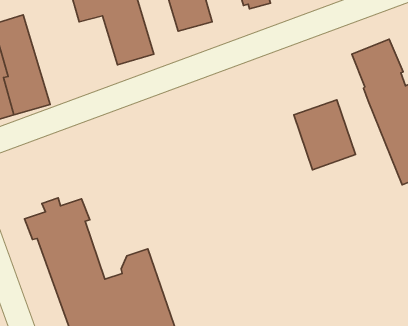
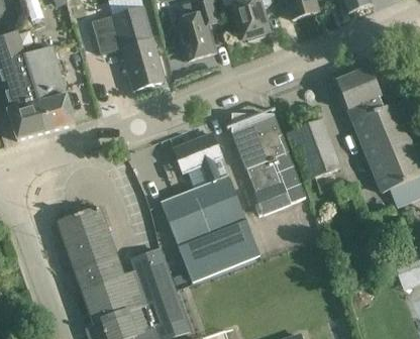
building: none -> [230,113,305,213]
building: none -> [160,132,259,280]

